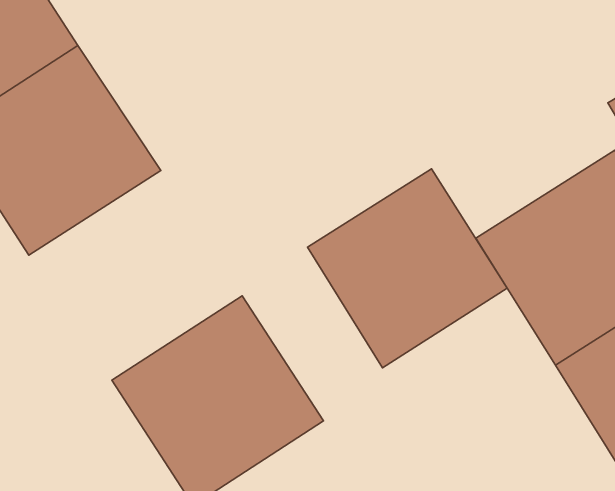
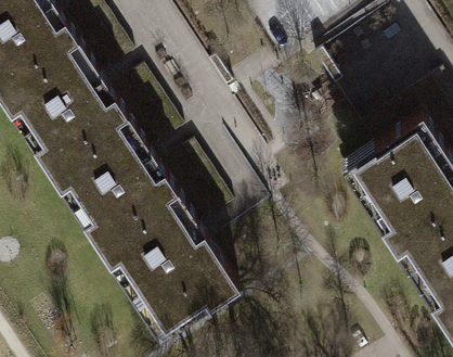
building: [307,169,507,368] -> none
building: none -> [53,131,190,266]

